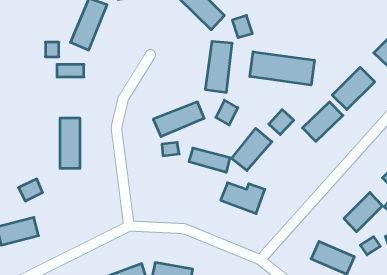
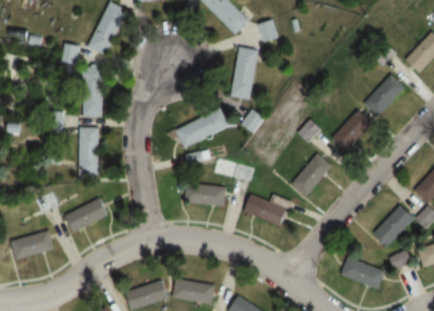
building: [250,52,314,85] -> none
building: none -> [80,97,102,118]
building: [232,128,272,171] -> [290,152,332,196]
building: none -> [183,184,225,205]
building: none -> [64,199,108,231]

